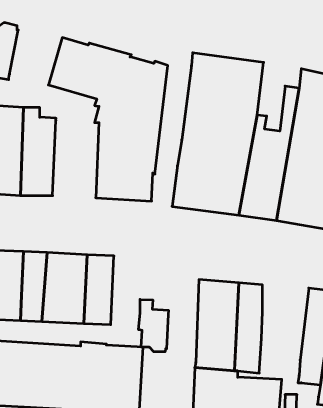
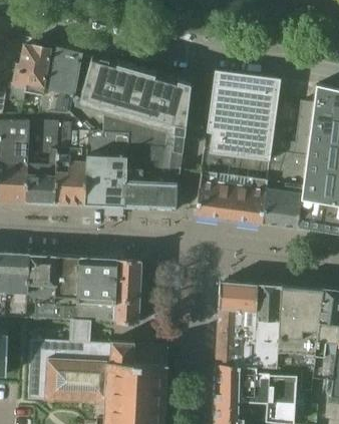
building: none -> [40,47,81,112]
building: none -> [83,133,126,205]
building: none -> [276,287,322,371]
building: [139,299,168,352] -> none

